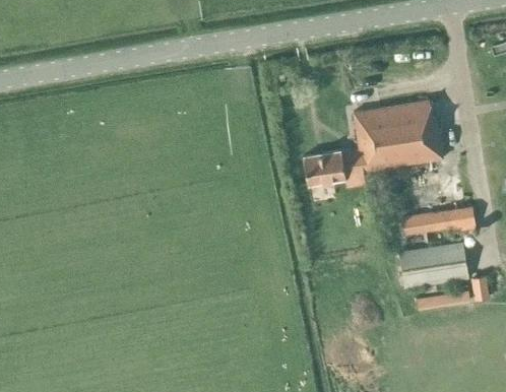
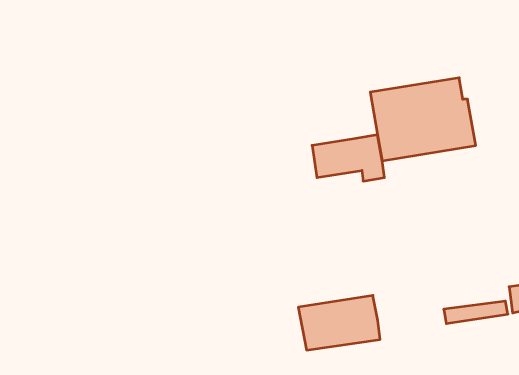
building: [401,206,476,237] -> none
building: [398,242,468,288] -> [298,295,380,350]

